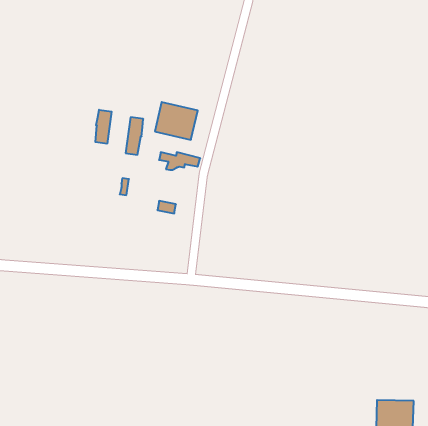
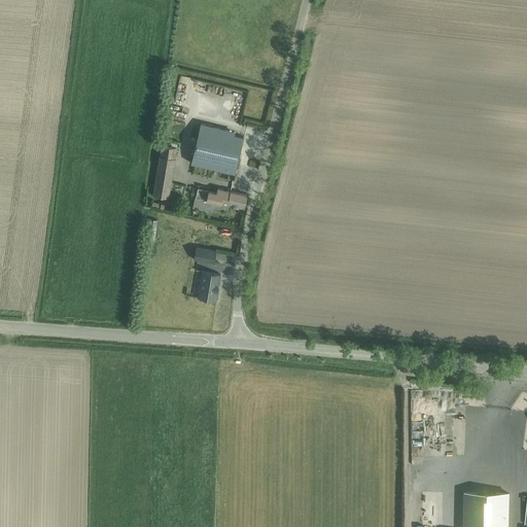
building: [95,110,112,144] -> none
building: none -> [199,273,220,303]

